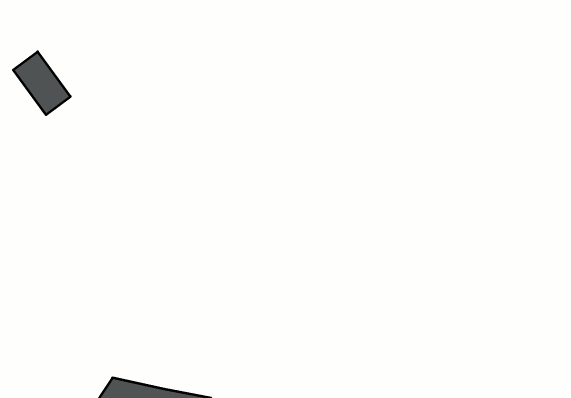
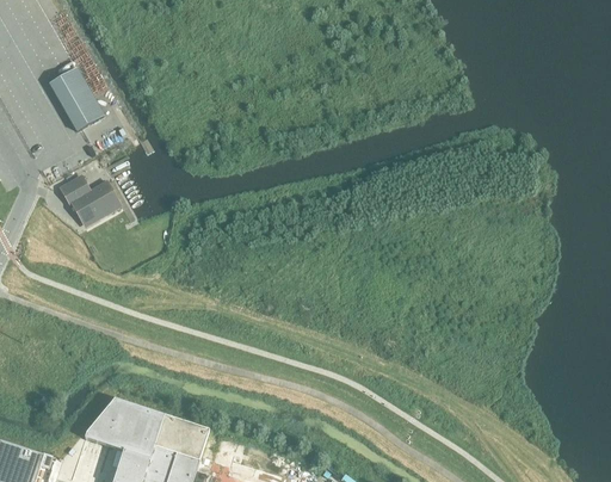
building: none -> [60,178,118,224]

